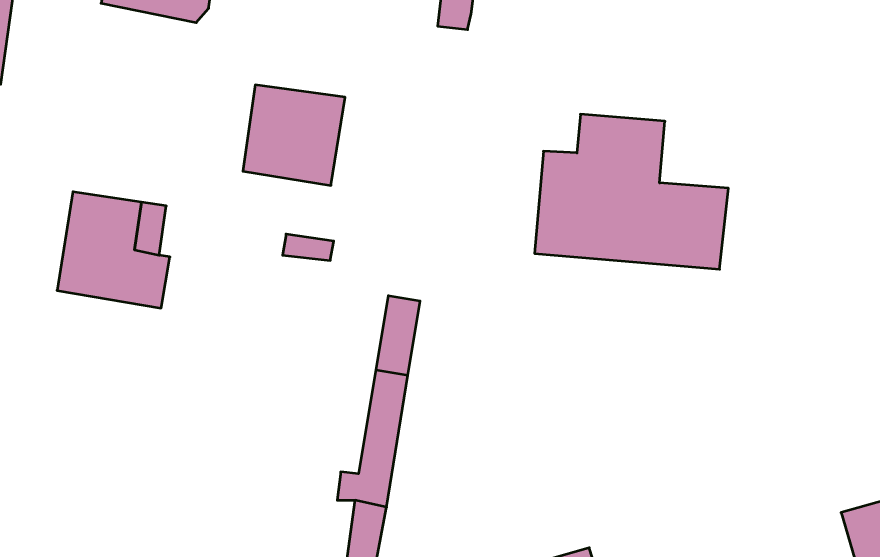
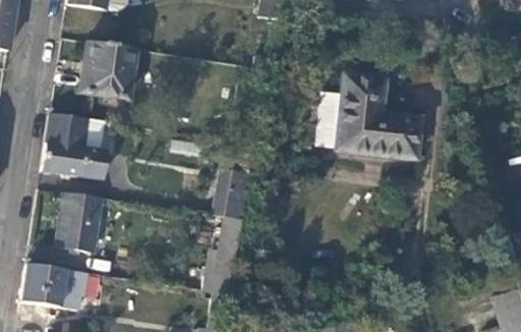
building: [243,85,345,185] -> [77,42,136,100]
building: none -> [57,192,103,252]
building: none -> [21,265,86,311]

